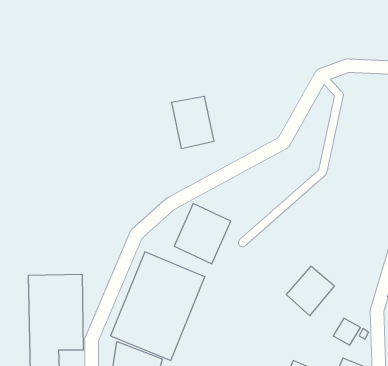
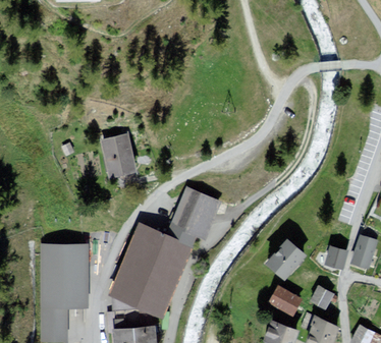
building: [172,96,214,148] -> [100,135,137,180]
building: none -> [321,244,347,270]
building: none -> [268,285,303,317]

